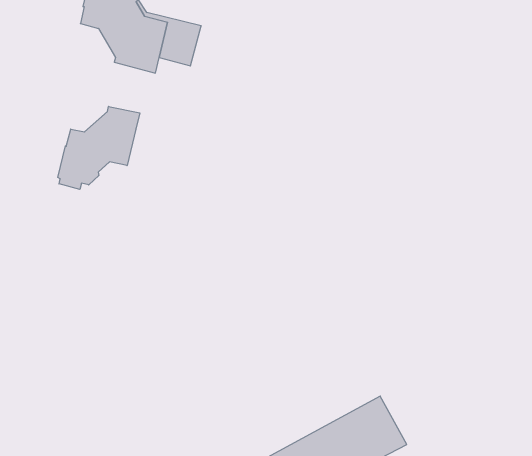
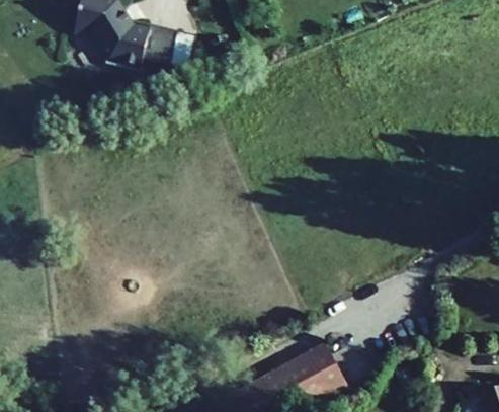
building: [58,106,140,189] -> none

